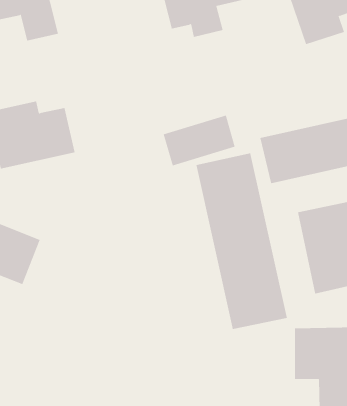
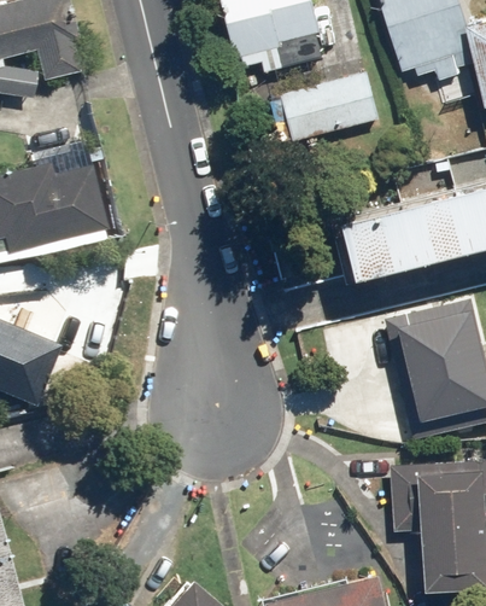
building: [163,115,236,166] -> [280,76,375,144]
building: [196,152,288,330] -> none

